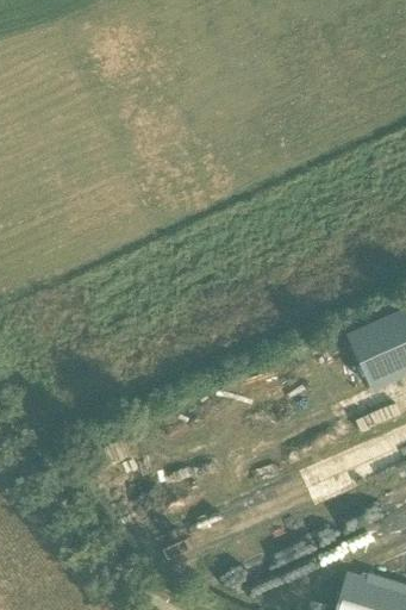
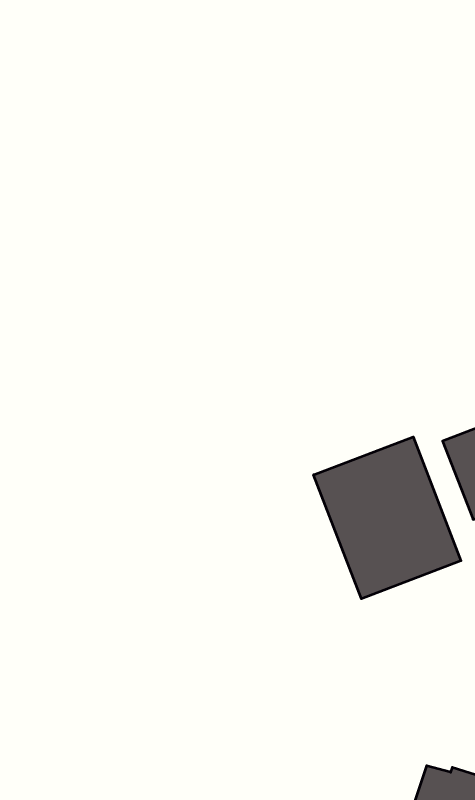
building: none -> [314,437,461,599]

